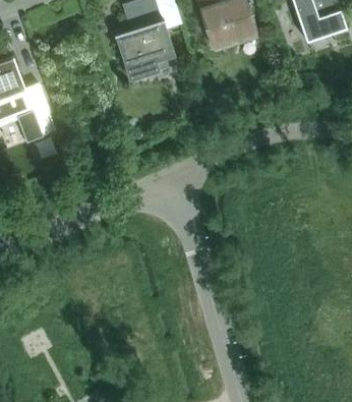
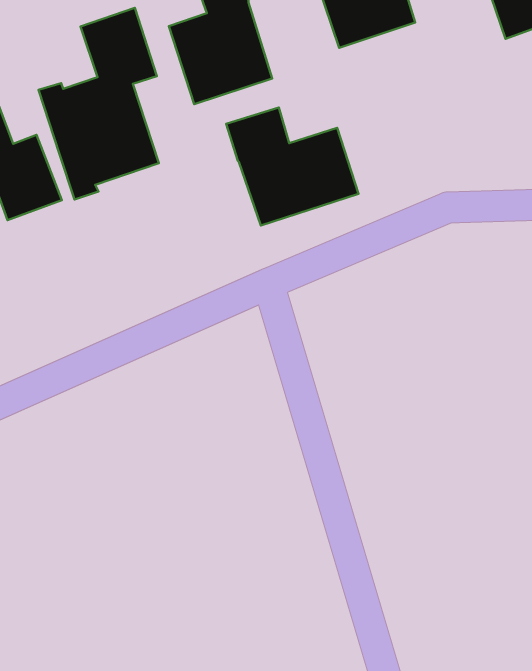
building: none -> [39,8,159,199]
building: none -> [226,107,358,225]

